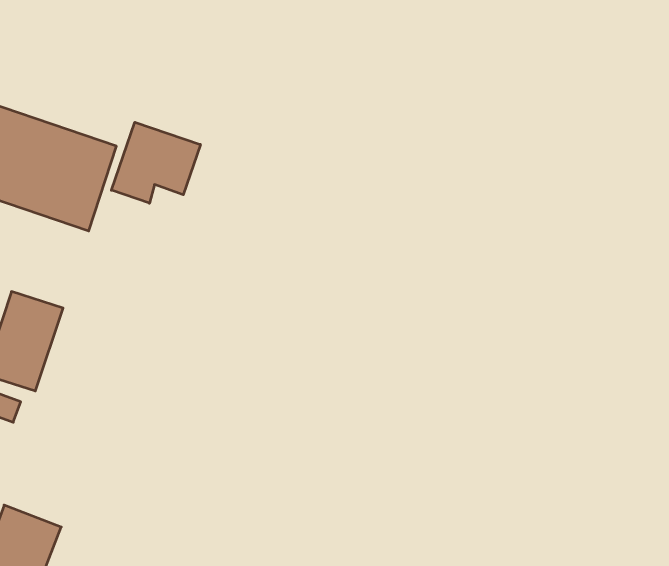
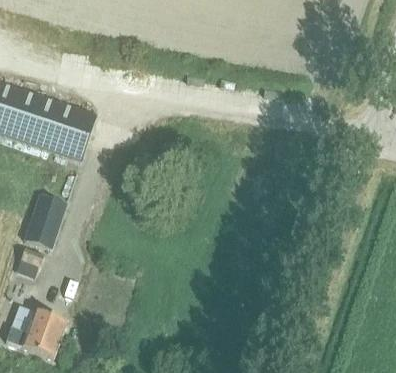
building: [111,122,200,203] -> none

